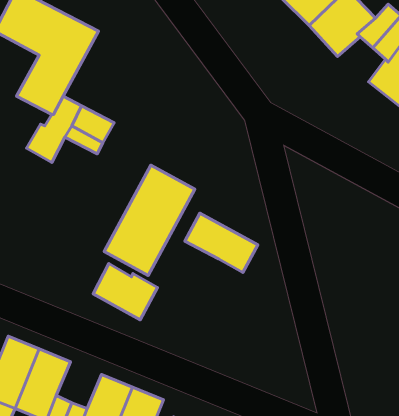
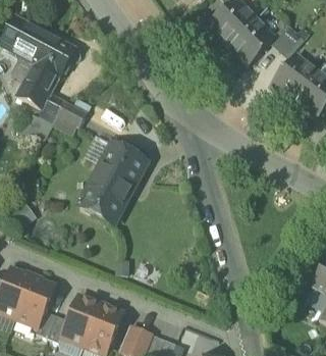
building: [185,213,258,273] -> none
building: [93,264,158,320] -> none

